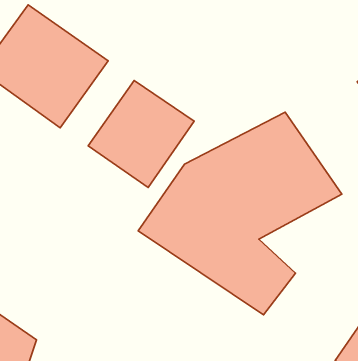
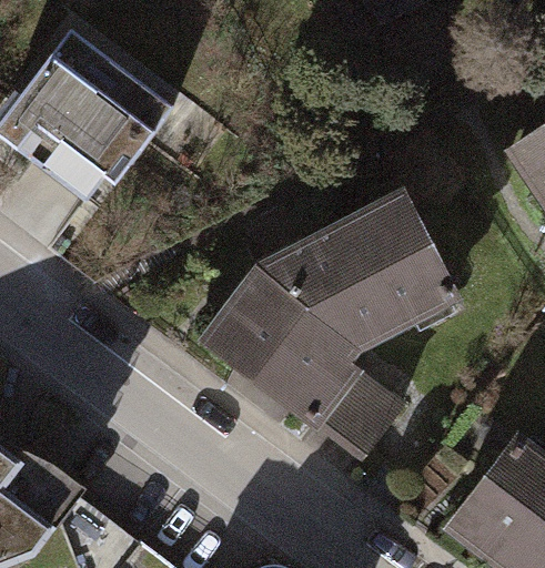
building: [88,80,194,187] -> none

